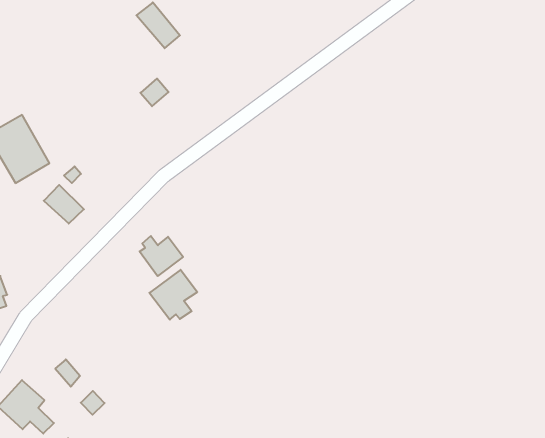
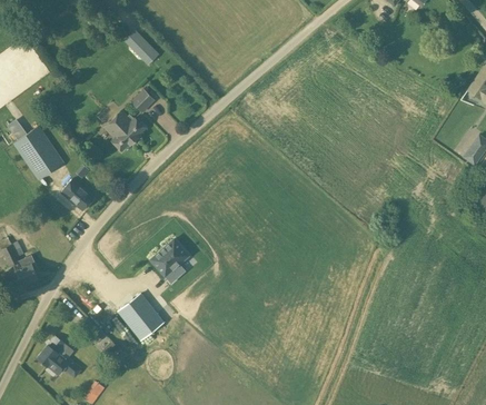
building: none -> [103,110,143,149]
building: [140,236,183,276] -> none
building: none -> [119,295,168,346]

